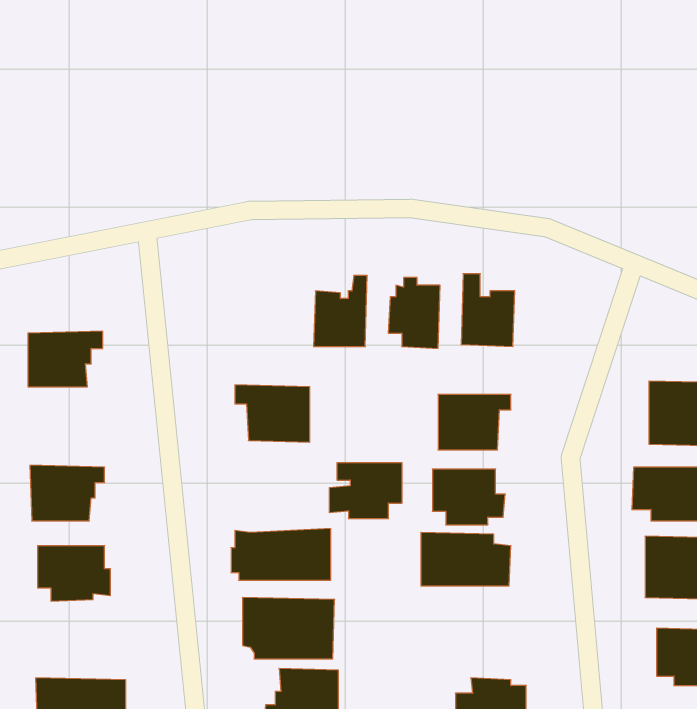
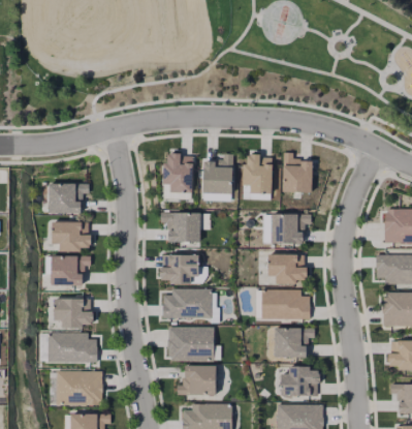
building: none -> [164,151,192,190]
building: none -> [53,220,91,251]
building: [329,463,402,518] -> [160,253,199,283]
building: none -> [274,330,314,360]
building: none -> [45,331,97,360]

